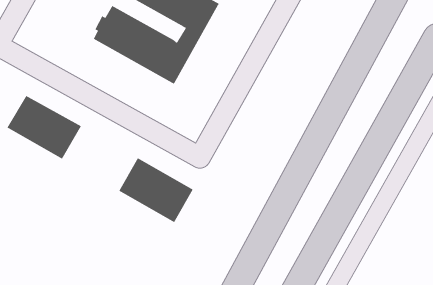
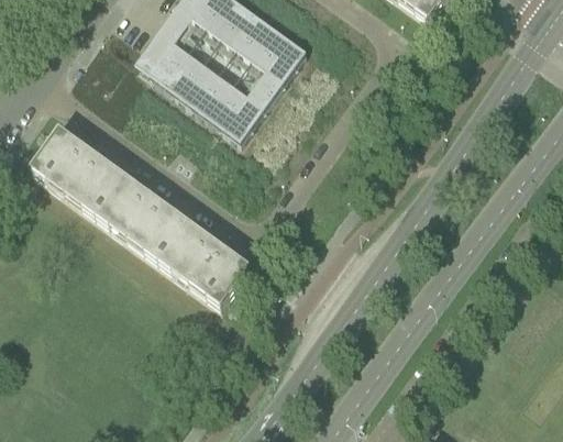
building: none -> [92,175,183,257]

